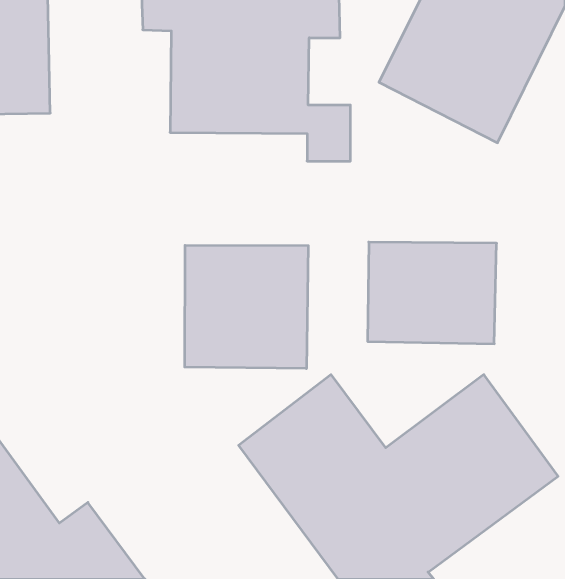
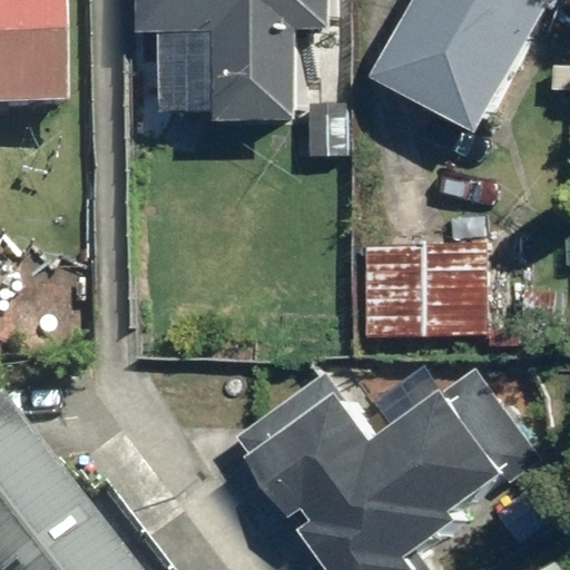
building: [185,245,308,369] -> none

